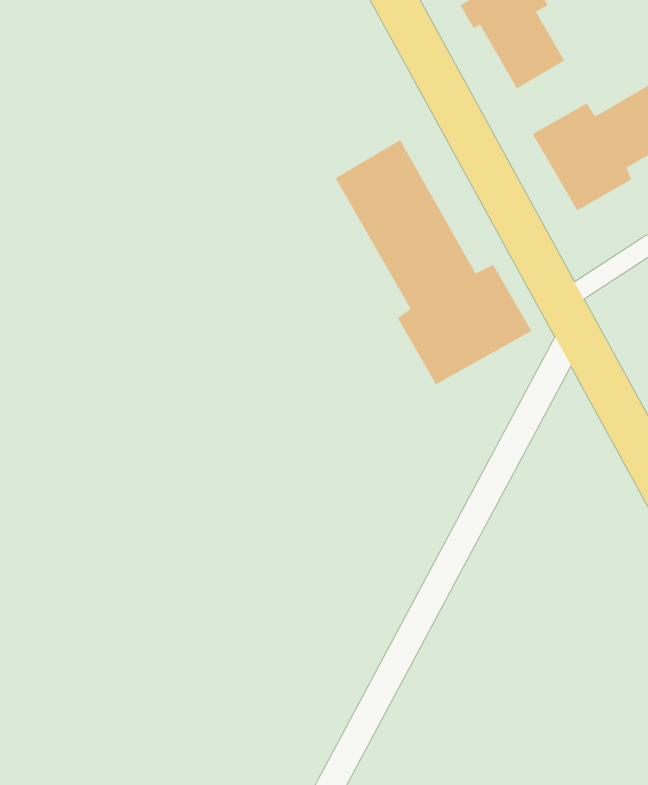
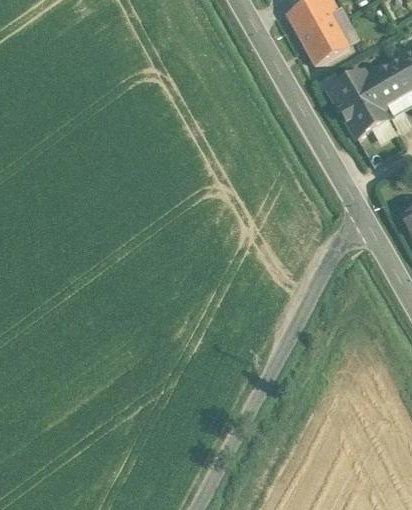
building: [335,139,532,385] -> none

